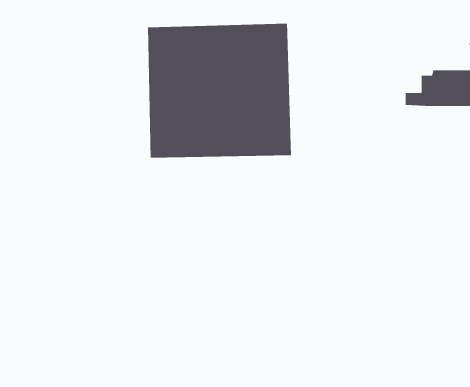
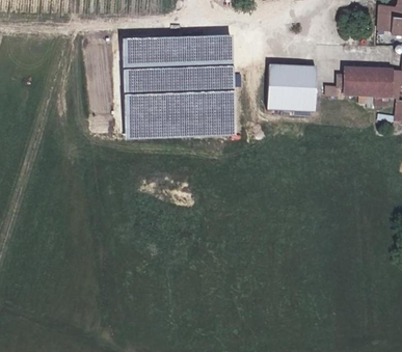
building: none -> [268,65,317,112]

